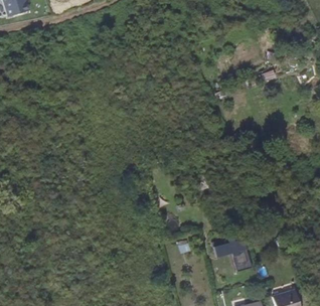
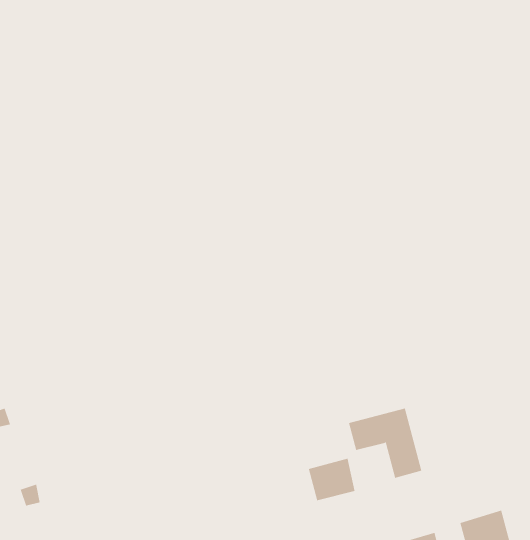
building: none -> [308,458,355,501]

